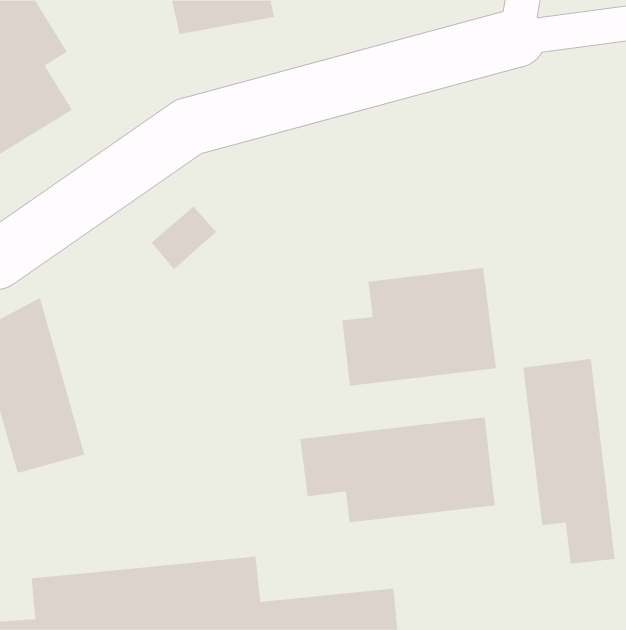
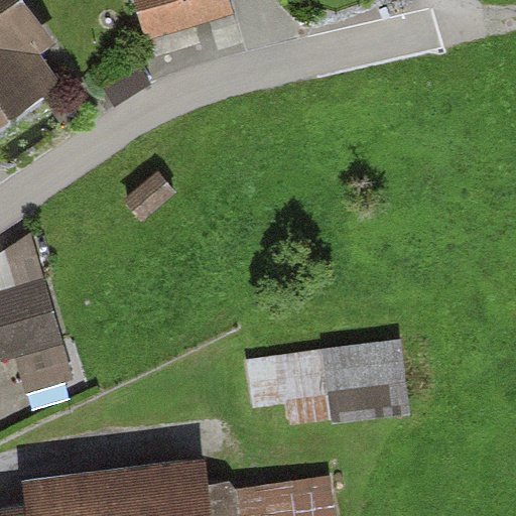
building: [342,267,496,386] -> none
building: [523,358,615,564] -> none

